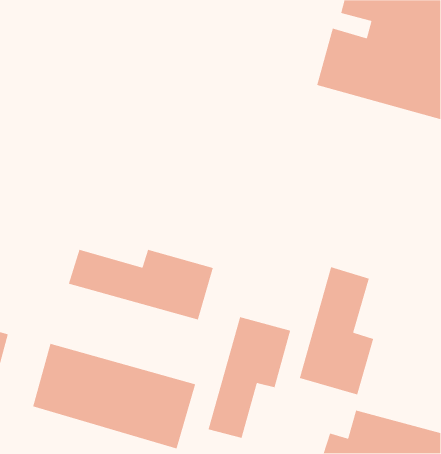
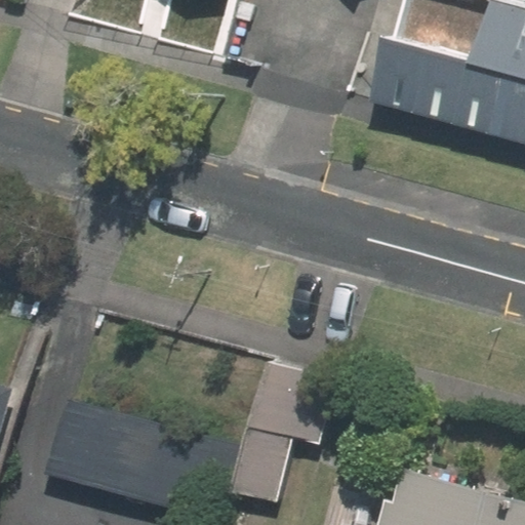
building: [68,249,214,321] -> none
building: [299,266,374,395] -> none

